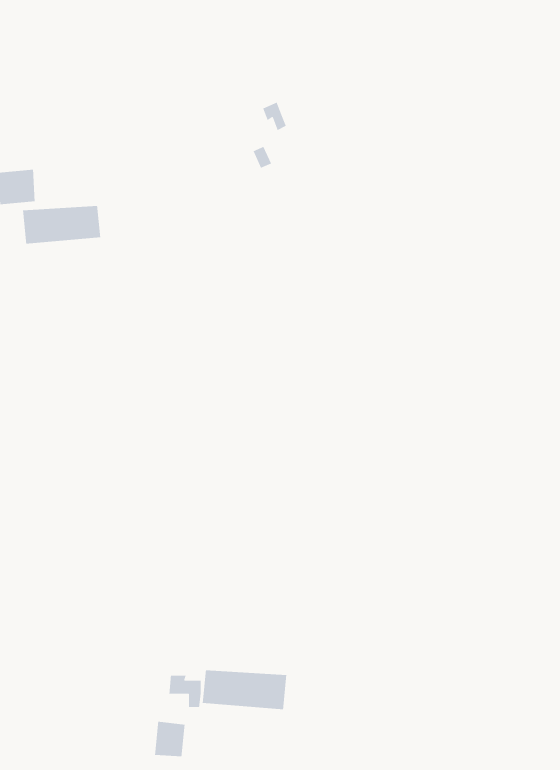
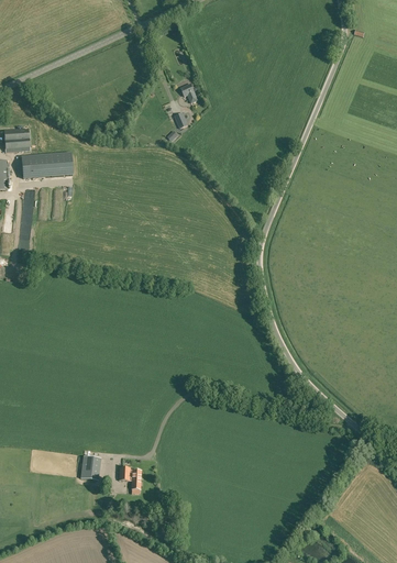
building: [202,669,287,710] -> none
building: [154,721,185,757] -> [82,454,103,478]

